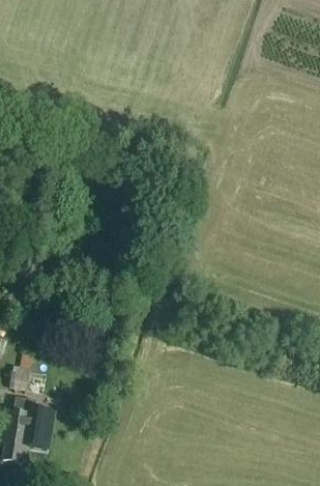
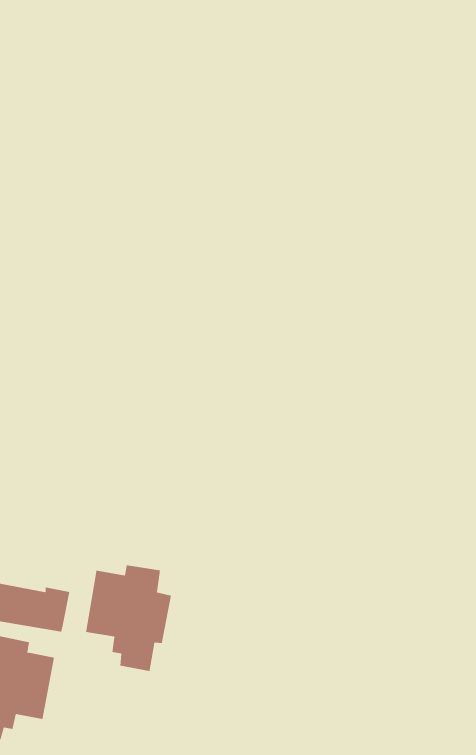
building: none -> [86,565,171,672]

